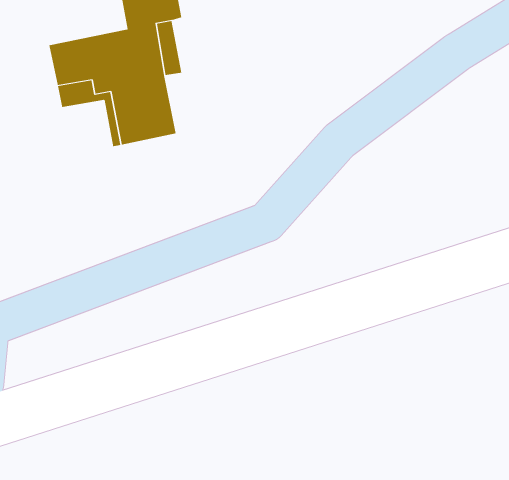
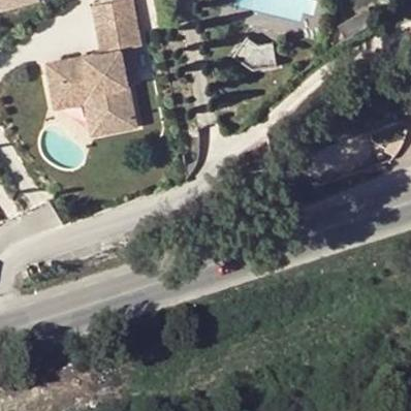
building: none -> [232,36,277,69]

